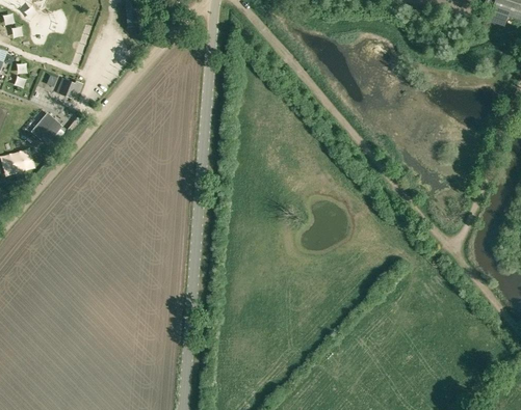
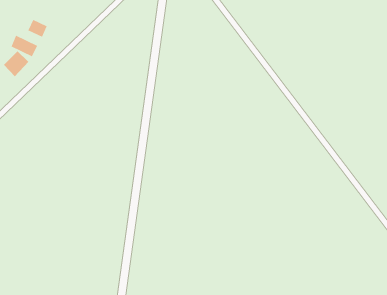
building: none -> [11,35,38,57]

